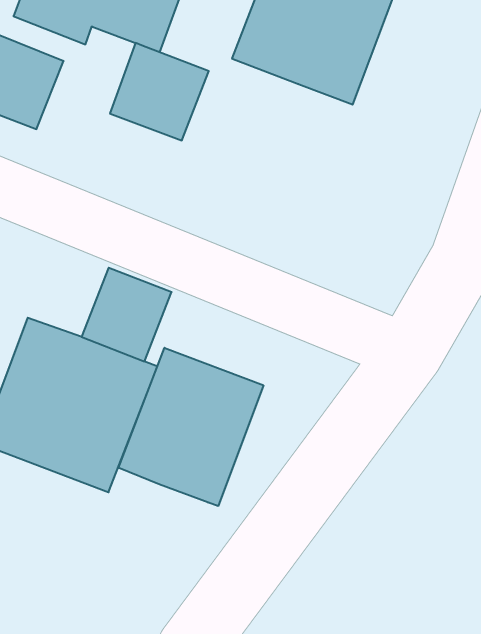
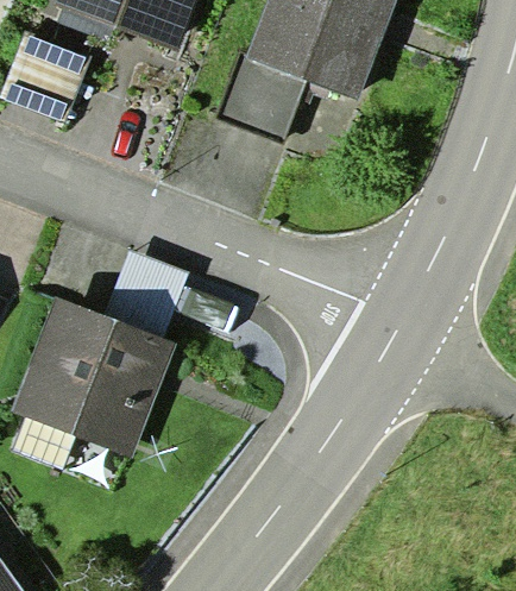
building: [110,43,209,140] -> [215,54,307,144]
building: [119,348,263,506] -> none

